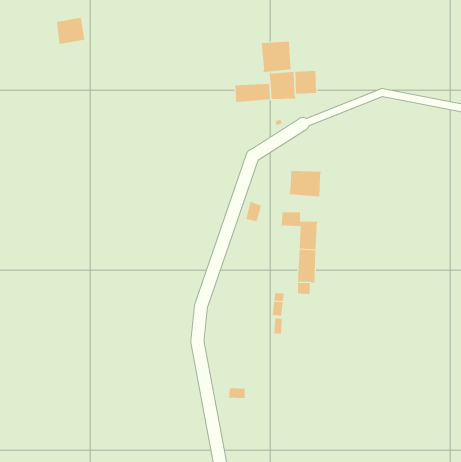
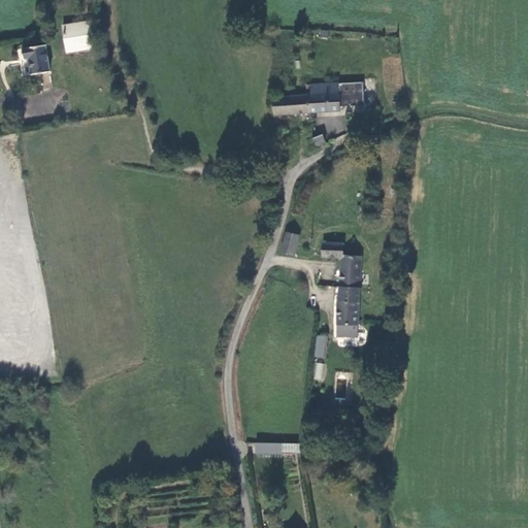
building: none -> [20,45,50,77]
building: [261,41,291,73] -> none
building: [289,170,322,197] -> none

